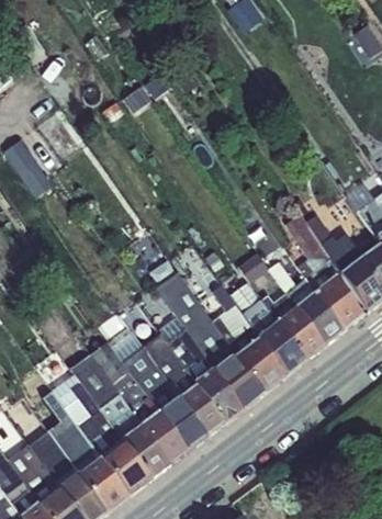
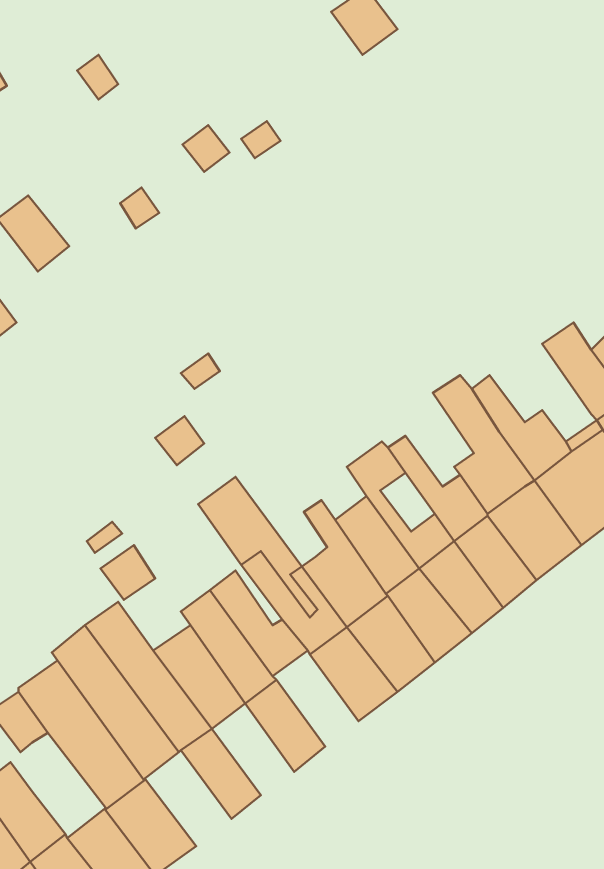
building: [194,368,243,421] -> none
building: [160,397,206,449] -> none
building: [59,414,101,473] -> none
building: [122,424,171,477] -> none

